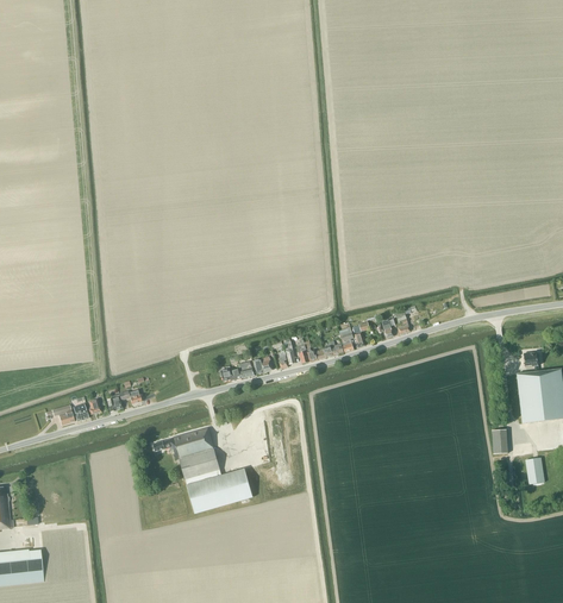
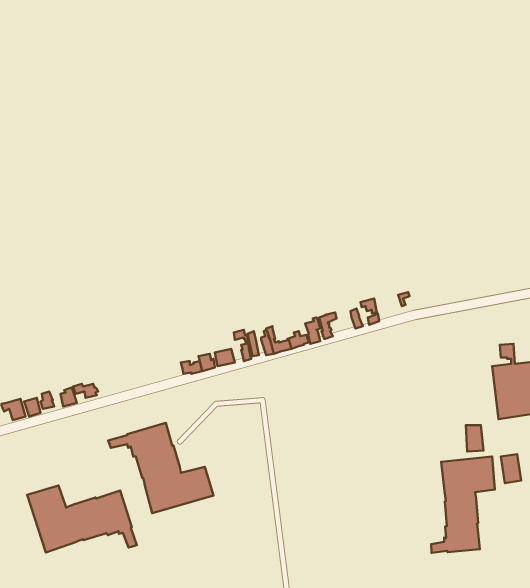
building: none -> [431,457,495,553]
building: none -> [27,485,137,552]

